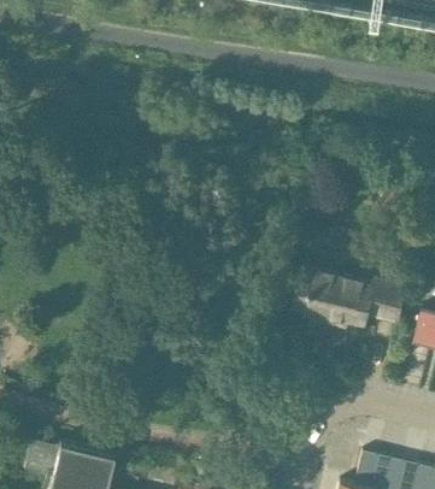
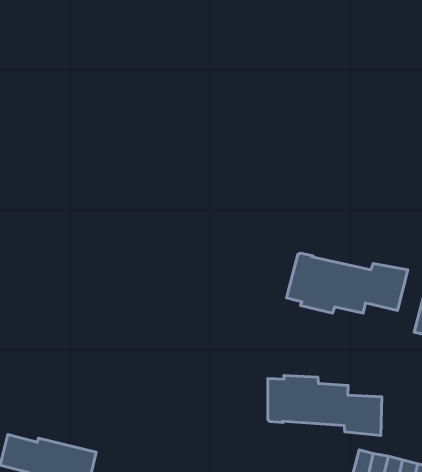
building: none -> [268,375,382,436]

